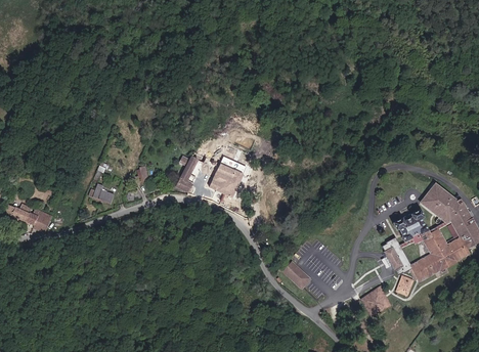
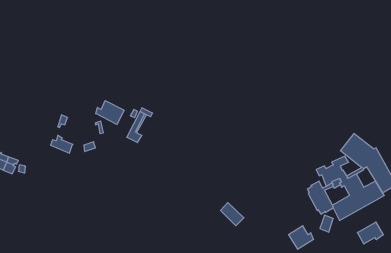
building: none -> [96,101,124,124]
building: [210,158,247,200] -> none
building: none -> [357,222,383,244]

